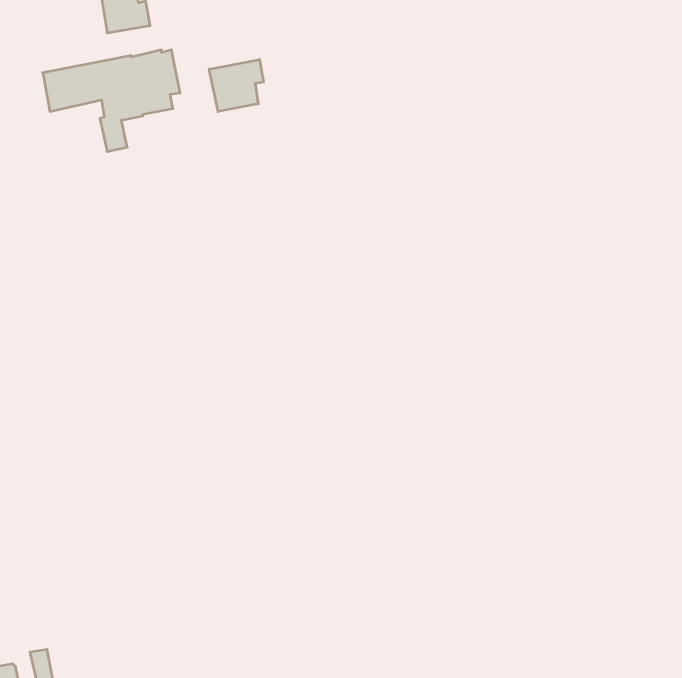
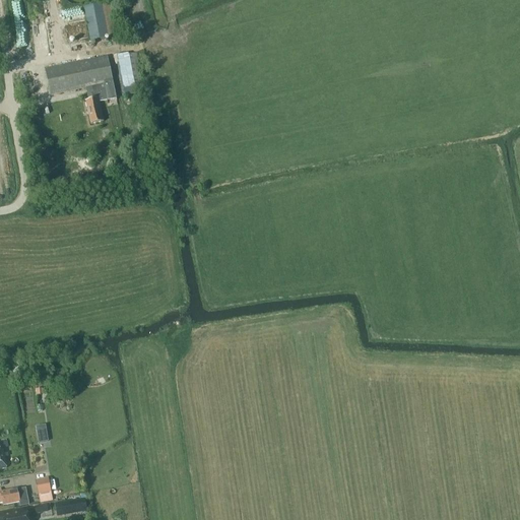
building: [209,59,264,112] -> none

